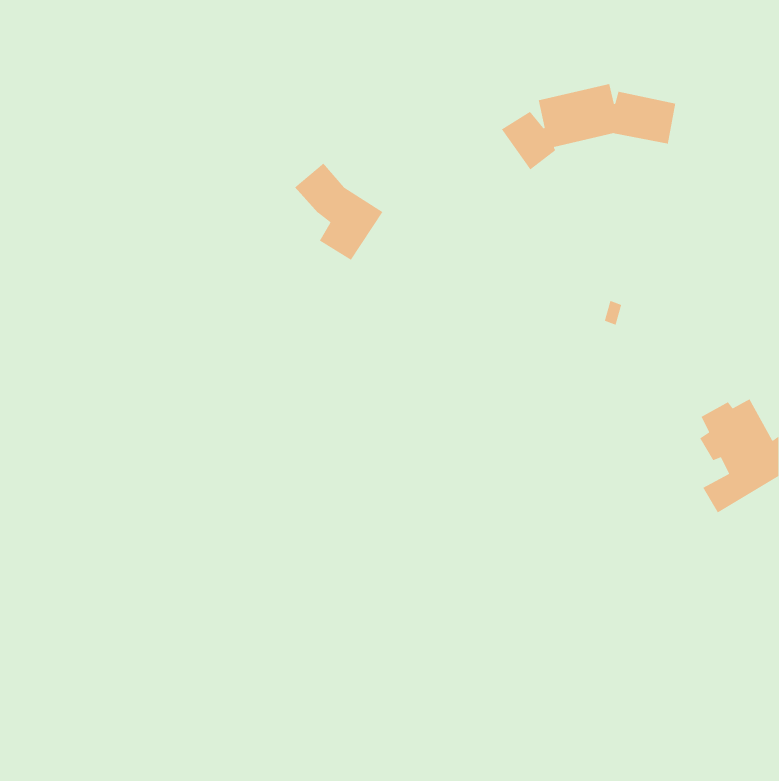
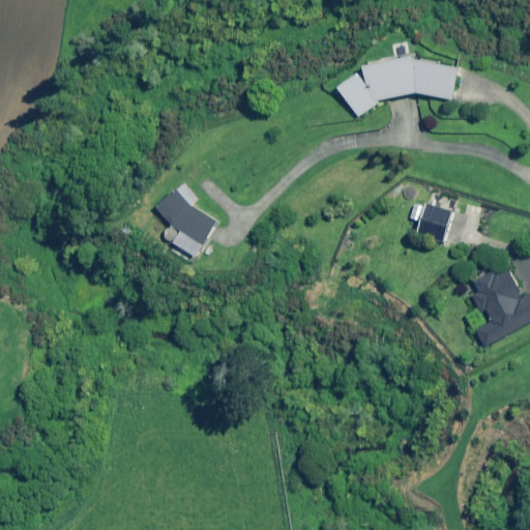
building: [294,162,383,261] -> [156,189,216,256]
building: none -> [415,204,449,241]

